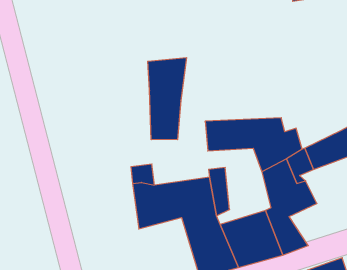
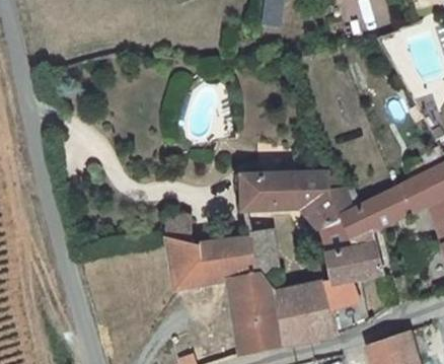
building: [148,58,186,140] -> none

